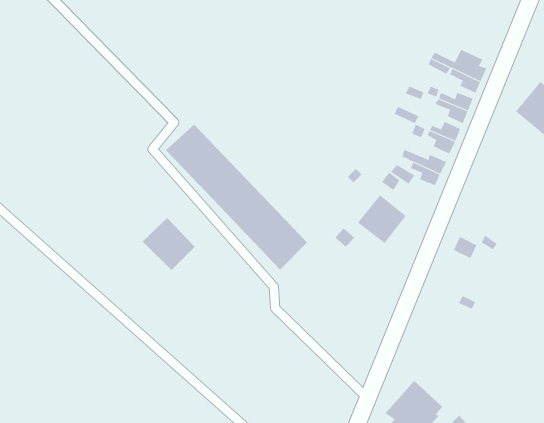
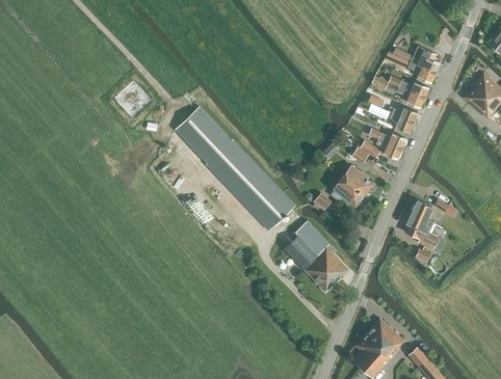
building: [142,217,196,271] -> none
building: none -> [406,212,439,247]
building: none -> [284,221,348,291]

